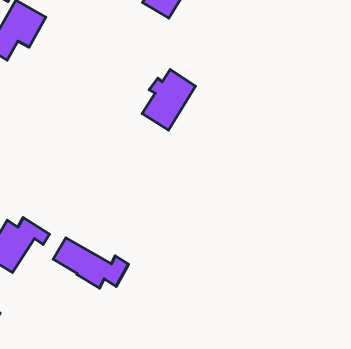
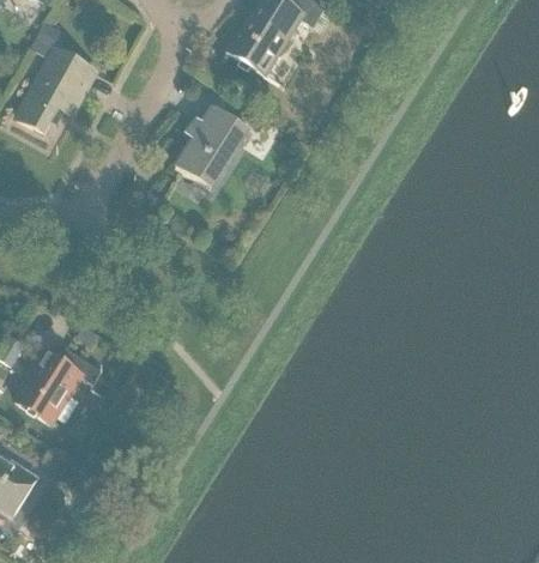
building: [142,69,196,130] -> [174,107,247,189]
building: [53,238,129,288] -> none

